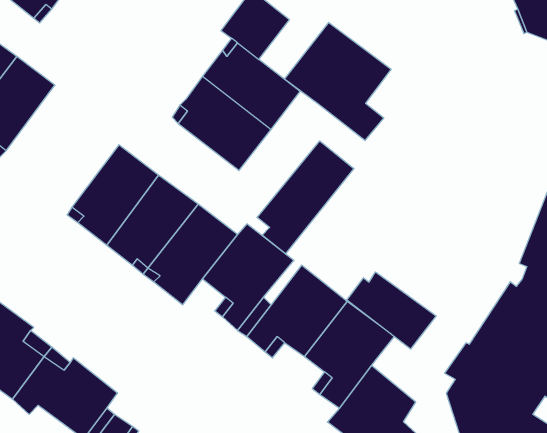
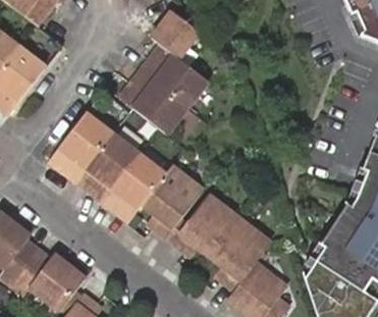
building: [284,23,391,140] -> none
building: [257,141,354,254] -> none
building: [347,272,436,349] -> none

